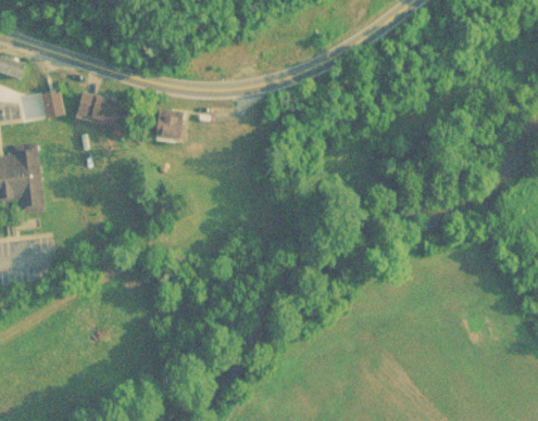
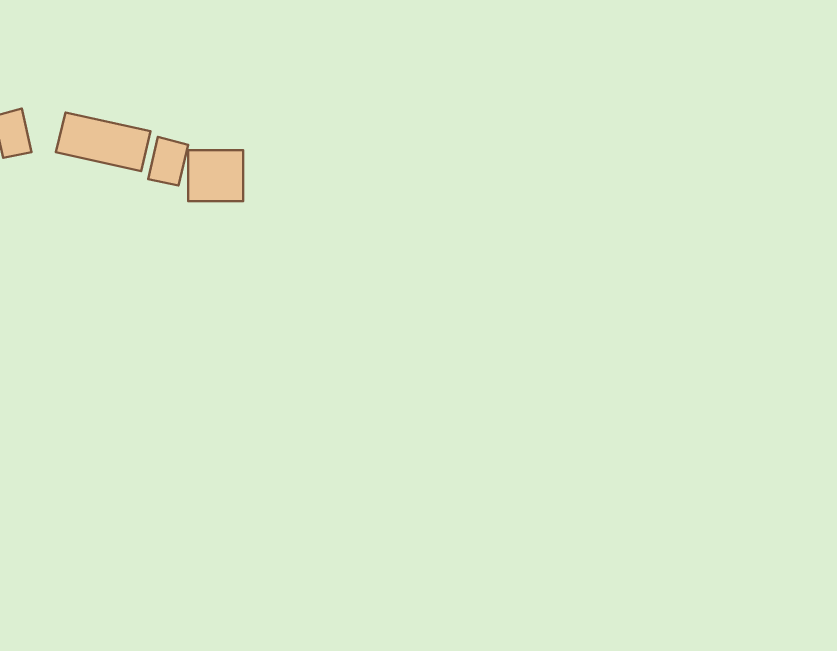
building: none -> [148,137,188,185]

